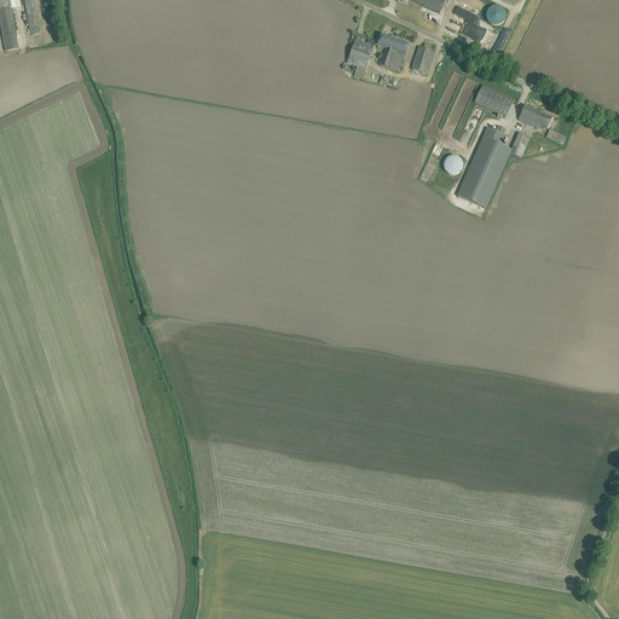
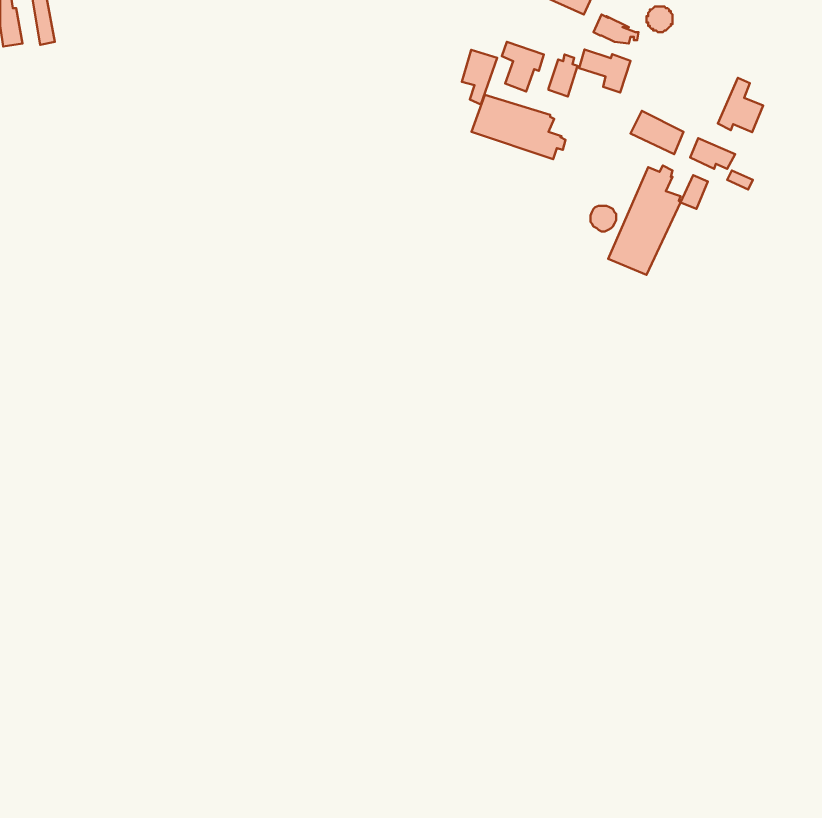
building: none -> [579,50,631,93]
building: none -> [718,78,763,132]
building: none -> [472,95,566,159]

